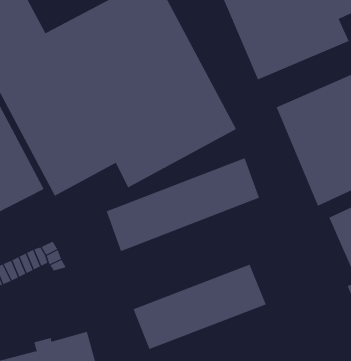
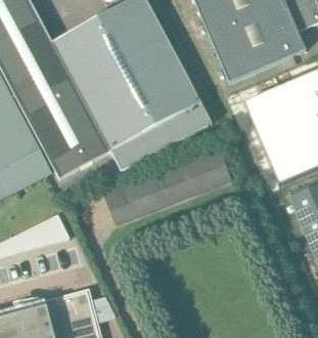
building: [133,264,266,350] -> none

